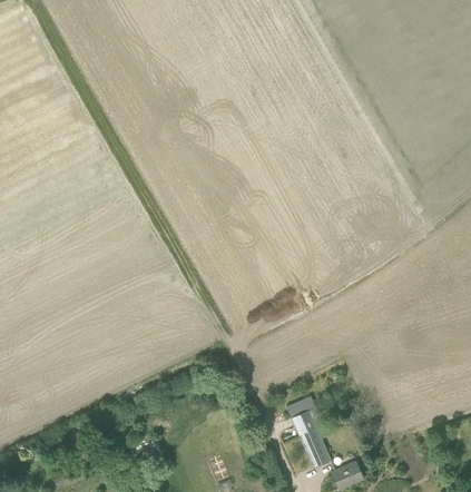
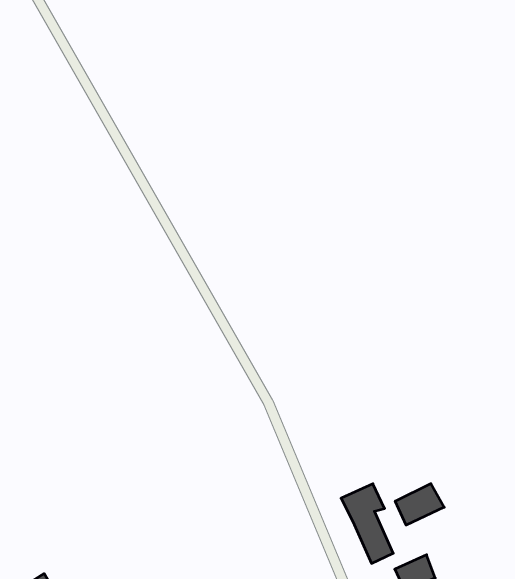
building: none -> [395,484,444,525]

